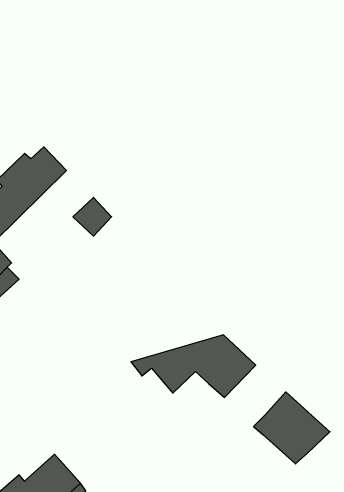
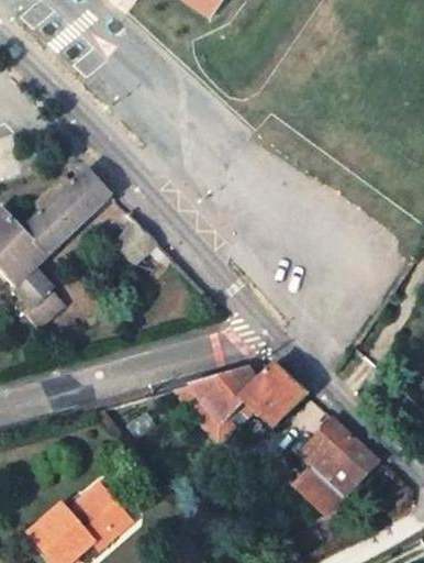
building: none -> [187,396,255,444]
building: none -> [294,464,344,511]

